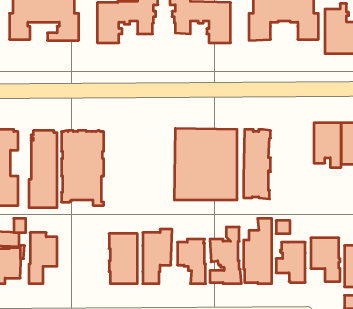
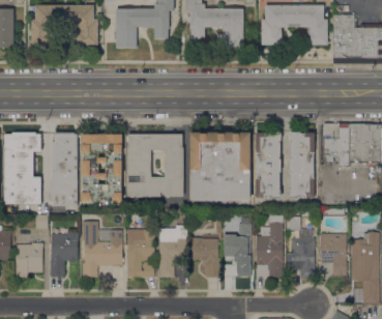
building: none -> [288,130,314,196]
building: none -> [127,133,184,196]
building: none -> [83,222,123,278]

